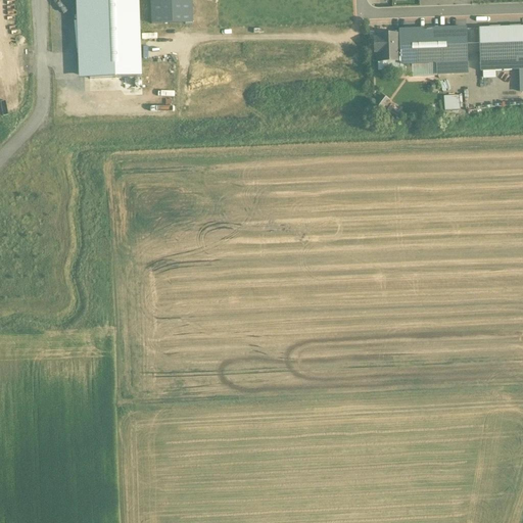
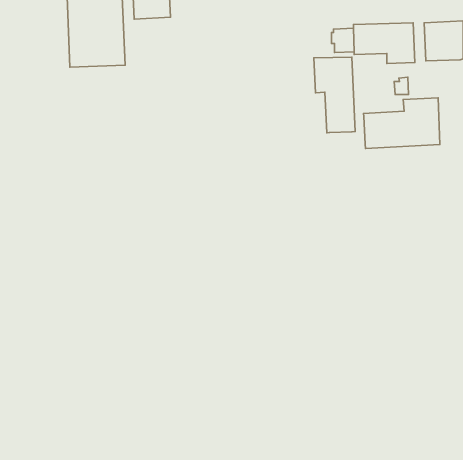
building: none -> [314,57,355,133]
building: none -> [364,98,440,149]

